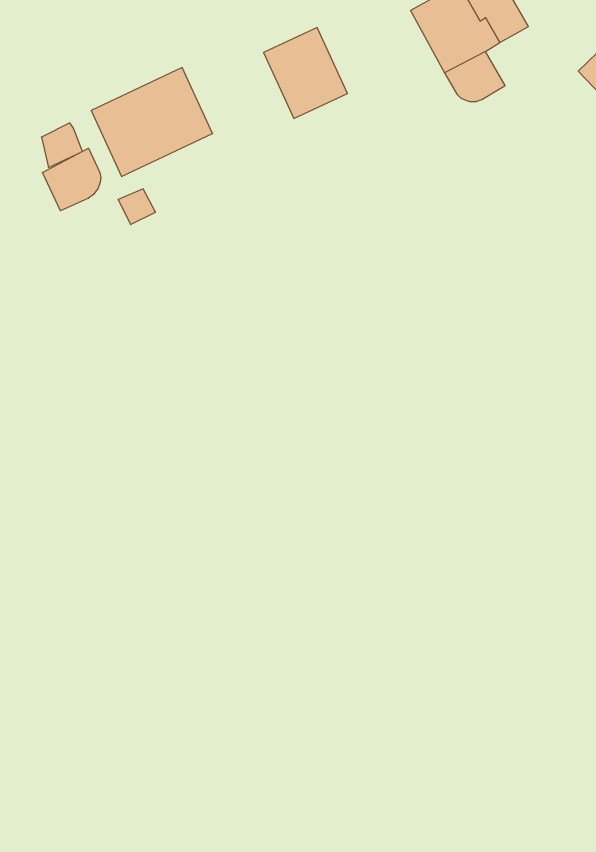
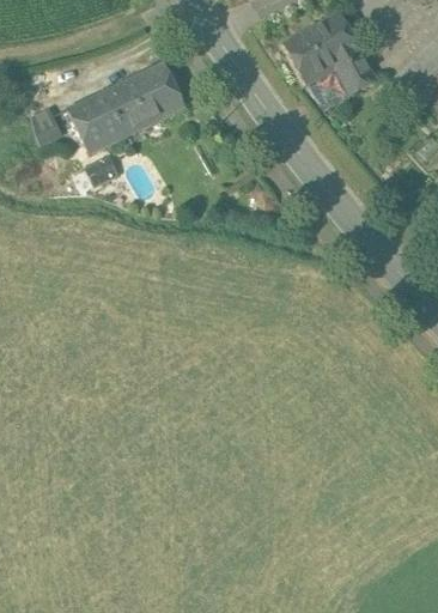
building: none -> [333,50,375,90]
building: [264,27,347,119] -> [129,61,185,122]
building: [42,148,101,211] -> none

